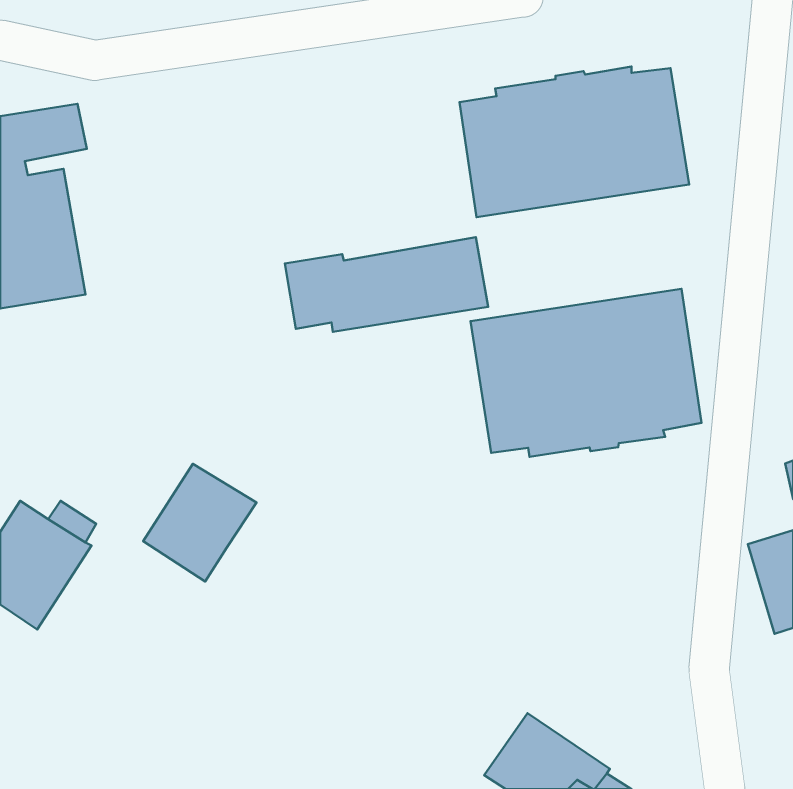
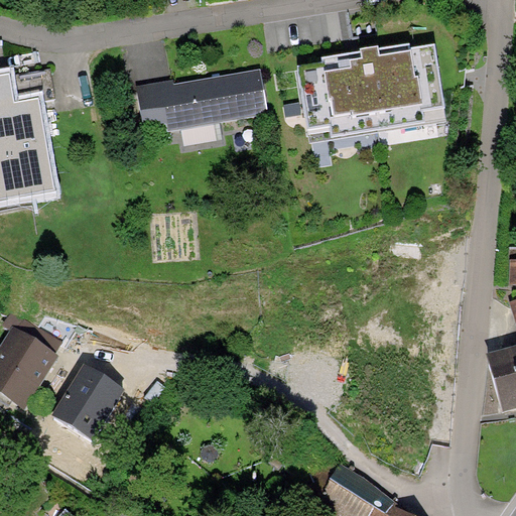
building: [285,237,488,332] -> [136,68,268,129]
building: [470,289,701,457] -> none
building: [143,464,256,582] -> [50,364,124,440]

